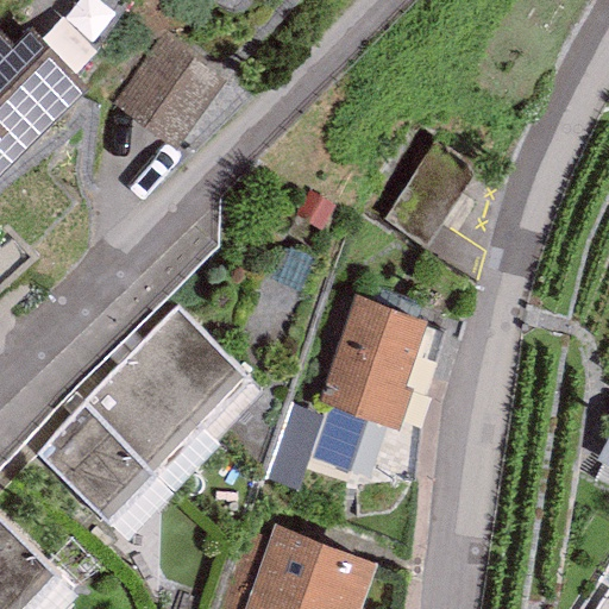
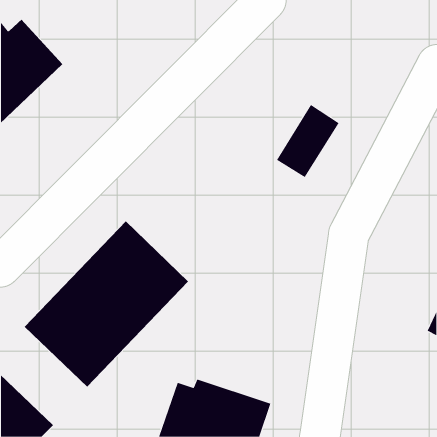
building: [111,34,224,152] -> none
building: [318,295,425,428] -> none

